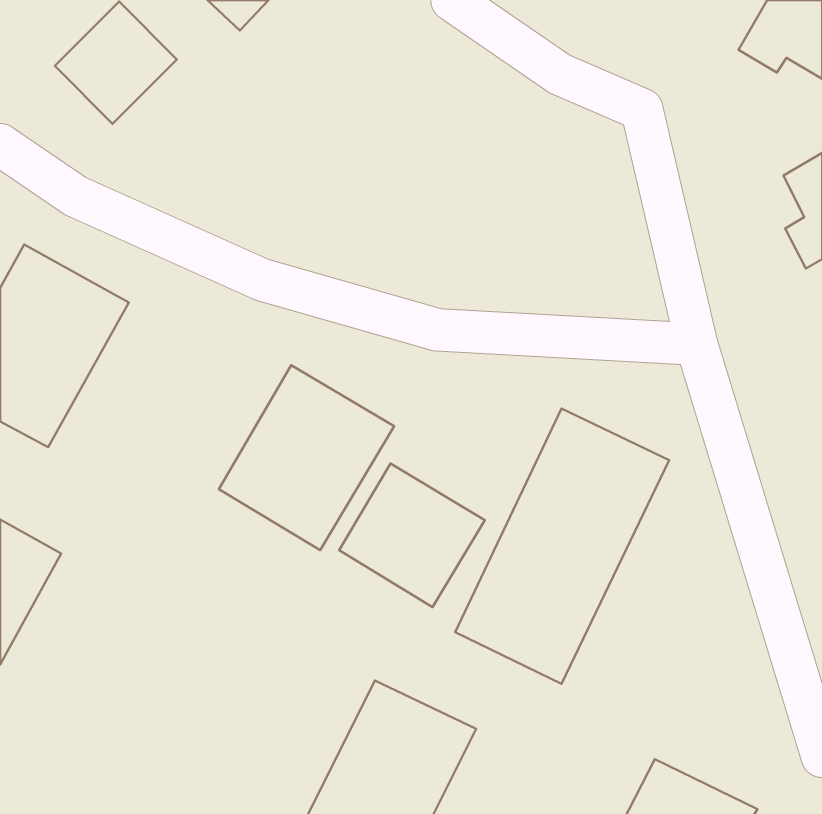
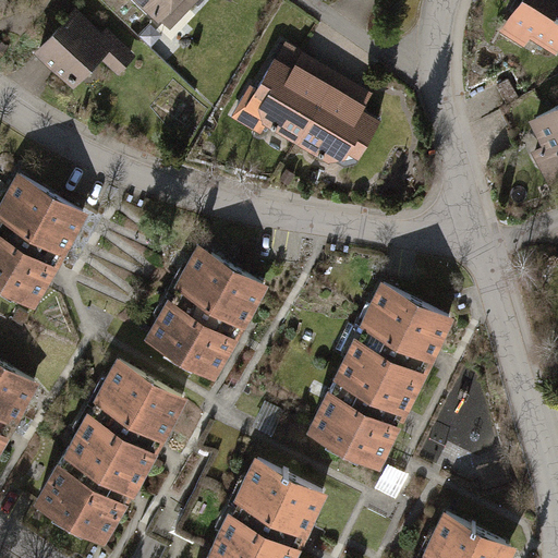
building: none -> [245,50,379,168]
building: [339,464,485,607] -> none
building: none -> [33,357,190,545]

